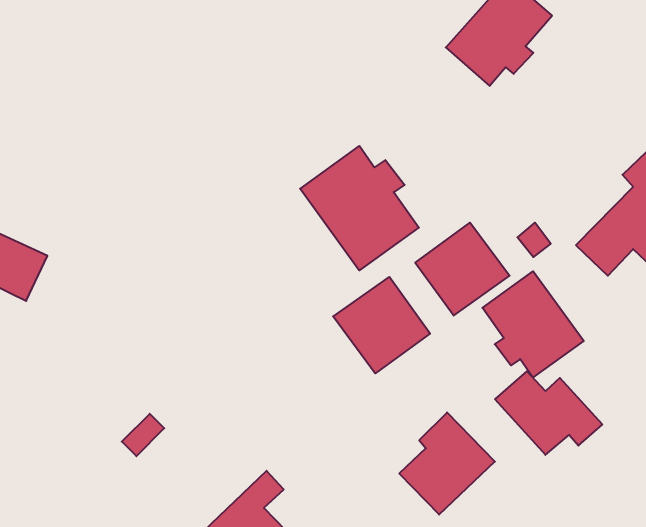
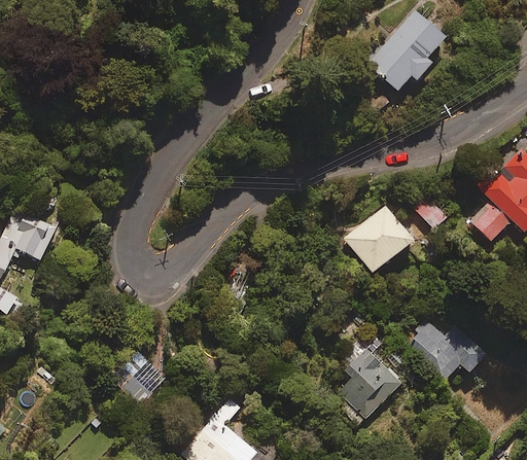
building: [300,146,419,270] -> none
building: [482,271,584,377] -> none
building: [333,277,430,373] -> none

